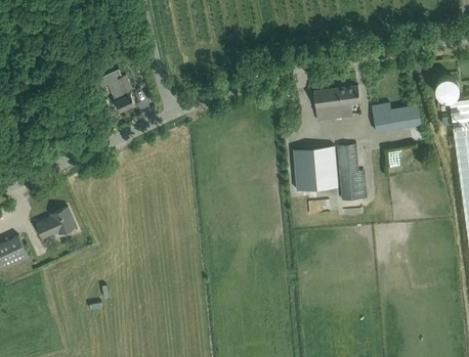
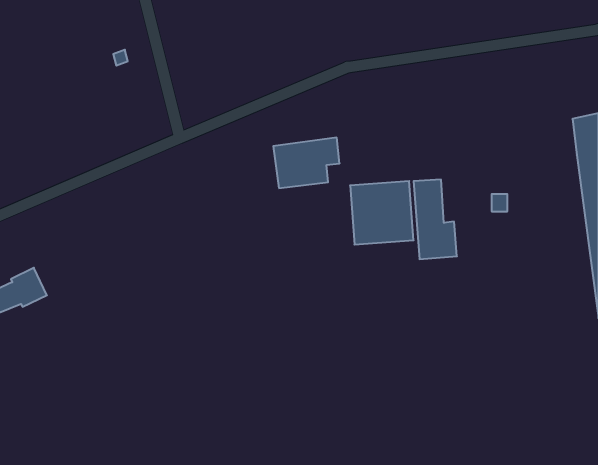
building: [108,76,135,111] -> none
building: [313,85,360,121] -> [273,138,340,188]
building: [371,104,423,133] -> none

